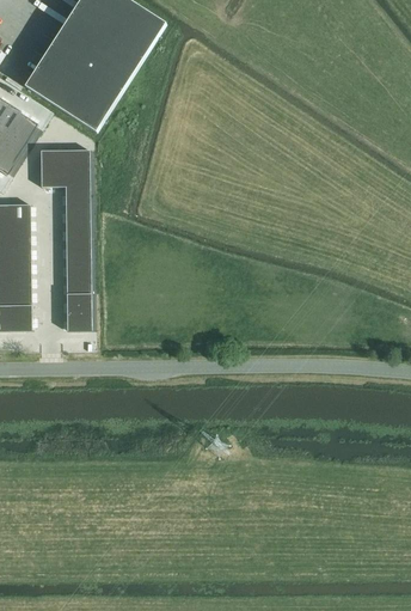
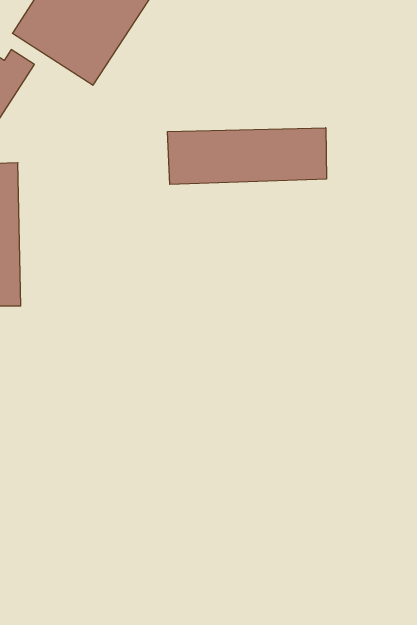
building: [41,149,92,330] -> none
building: none -> [168,128,326,184]

